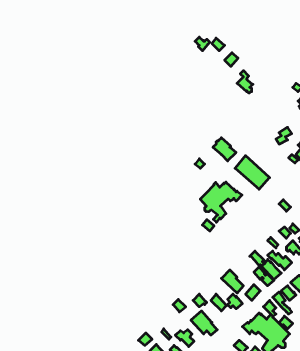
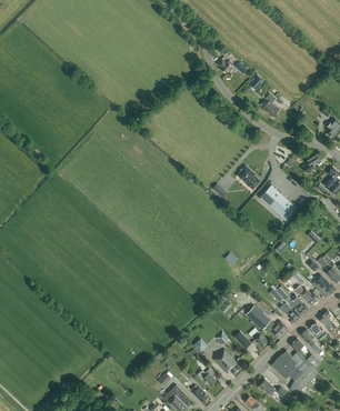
building: [200,182,242,222] -> none

